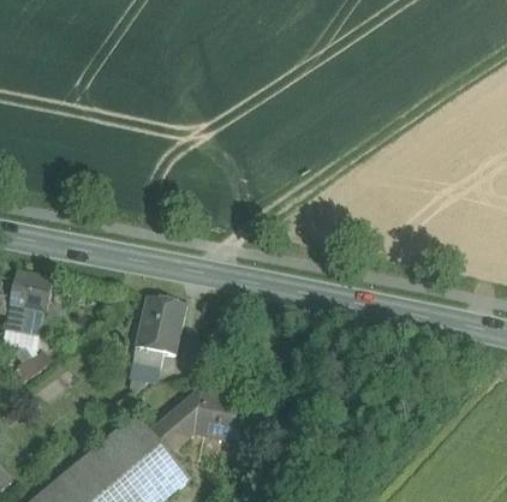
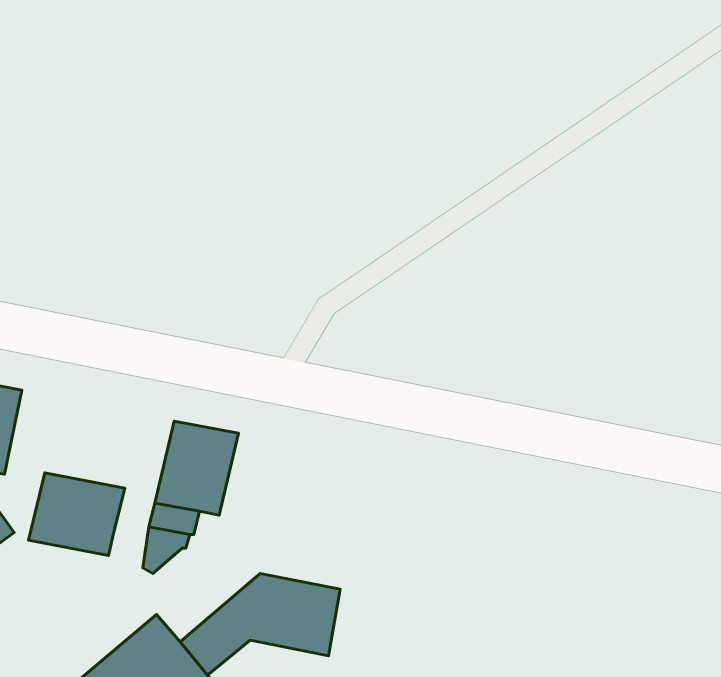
building: none -> [29,473,125,555]

